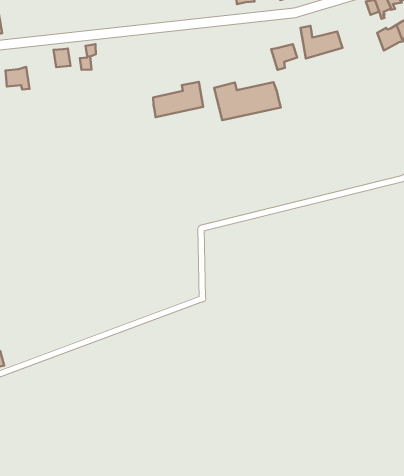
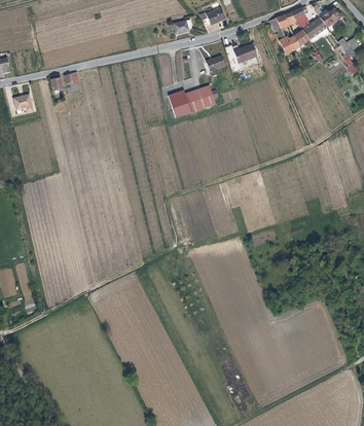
building: [153,82,203,117] -> none

